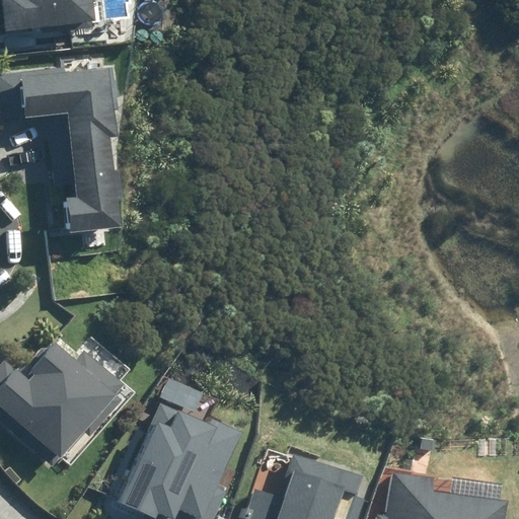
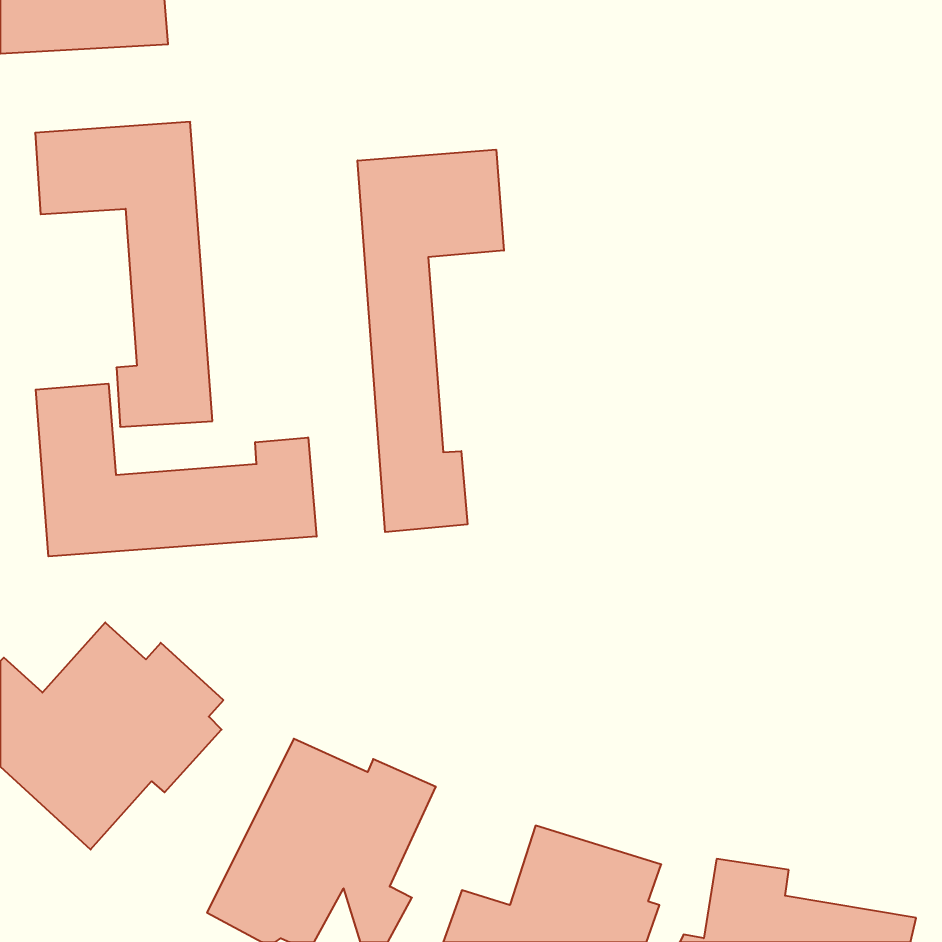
building: none -> [358,150,504,532]
building: none -> [36,384,317,556]

